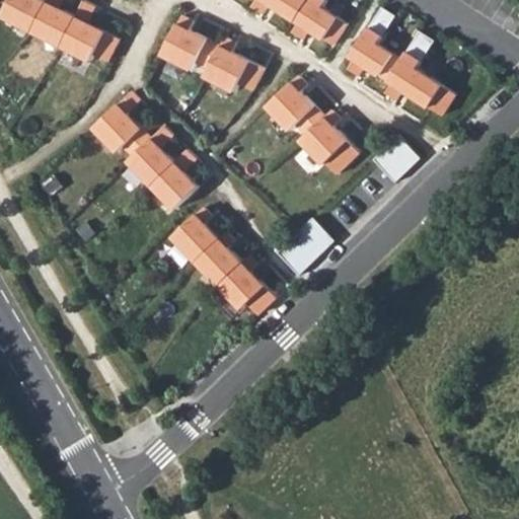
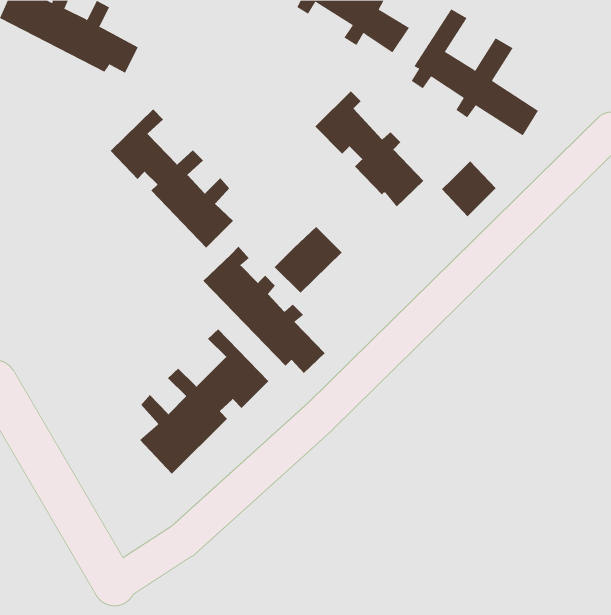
building: [160,16,262,92] -> none
building: [275,219,332,276] -> [274,226,343,294]
building: none -> [139,328,269,474]

